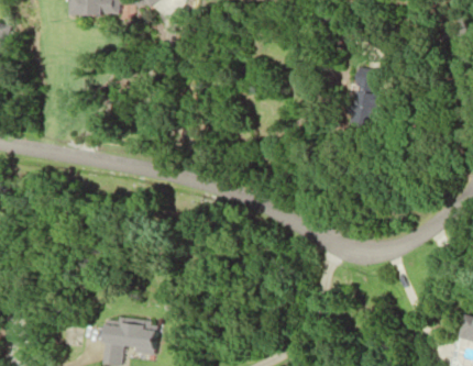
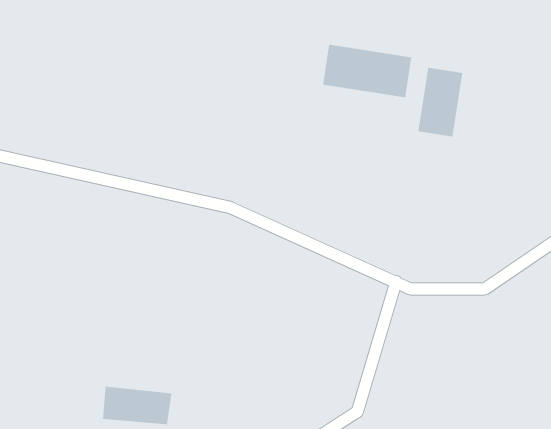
building: none -> [323,44,412,98]

